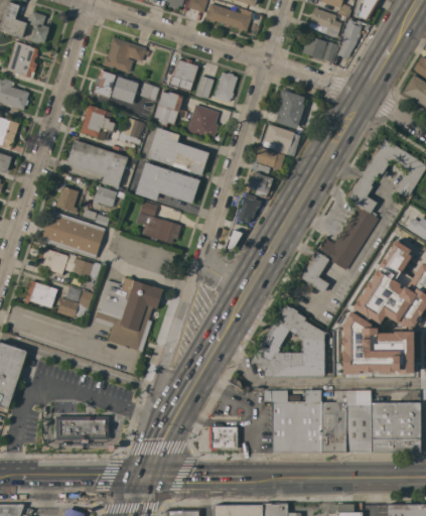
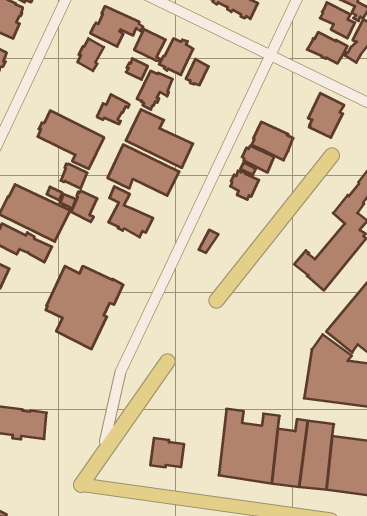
building: [215,72,238,102] -> none
building: [112,76,139,103] -> [134,29,166,61]
building: [274,89,305,128] -> [308,93,344,138]
building: [187,104,220,140] -> none
building: [81,105,117,139] -> none
building: [56,185,79,213] -> [71,191,97,222]
building: [237,194,262,223] -> none
building: [300,250,329,292] -> none
building: [56,290,93,317] -> none
building: [253,304,324,375] -> none

